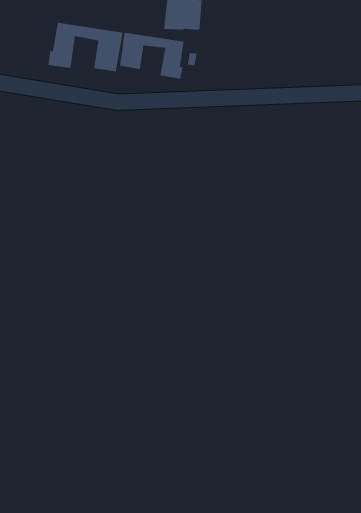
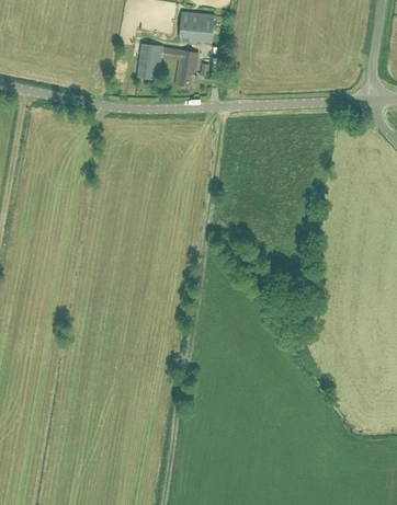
building: [48,22,124,72] -> none

